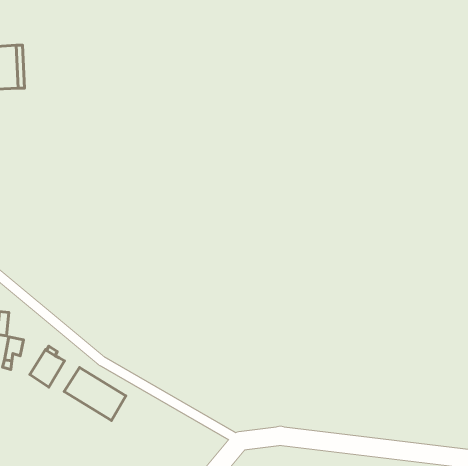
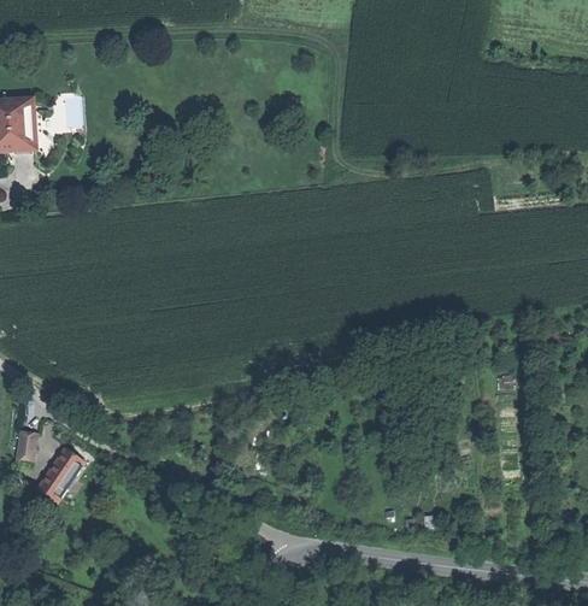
building: [64,368,126,420] -> none

